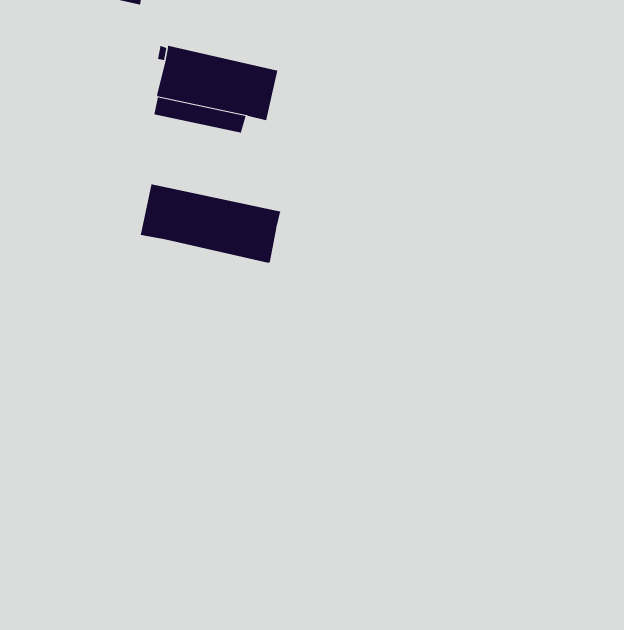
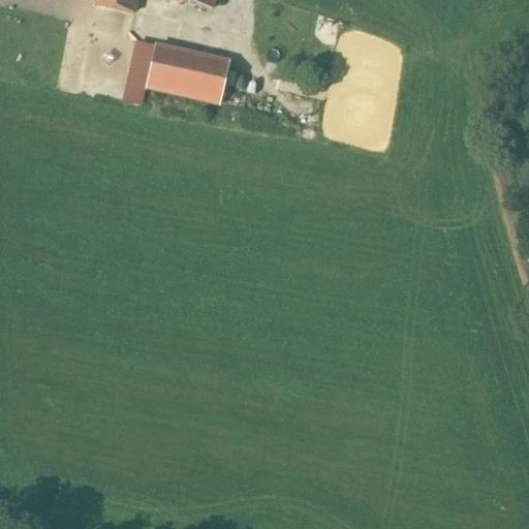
building: [140,184,281,264] -> none

